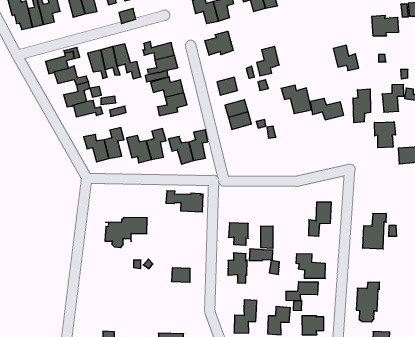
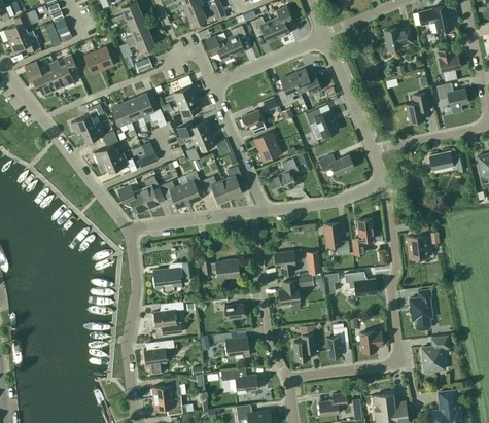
building: [205,31,233,55] -> none
building: [333,45,359,71] -> [292,69,320,94]
building: [353,89,371,123] -> none
building: [310,98,344,120] -> [318,154,353,175]
building: [375,122,395,148] -> none
building: none -> [269,158,298,193]
building: [166,191,203,212] -> [201,259,239,279]
building: none -> [323,222,349,254]
building: none -> [152,302,182,334]
building: [286,282,318,301] -> none
building: none -> [143,340,173,375]
building: none -> [212,332,248,357]

